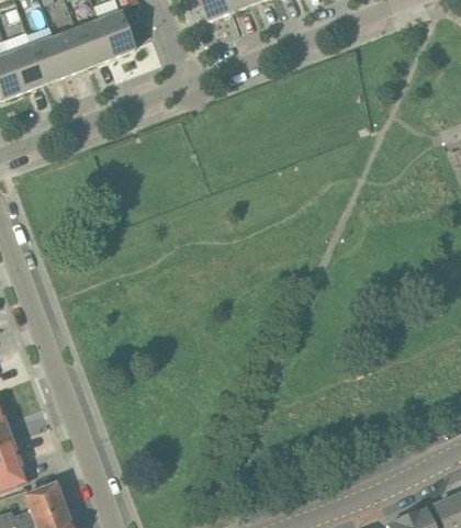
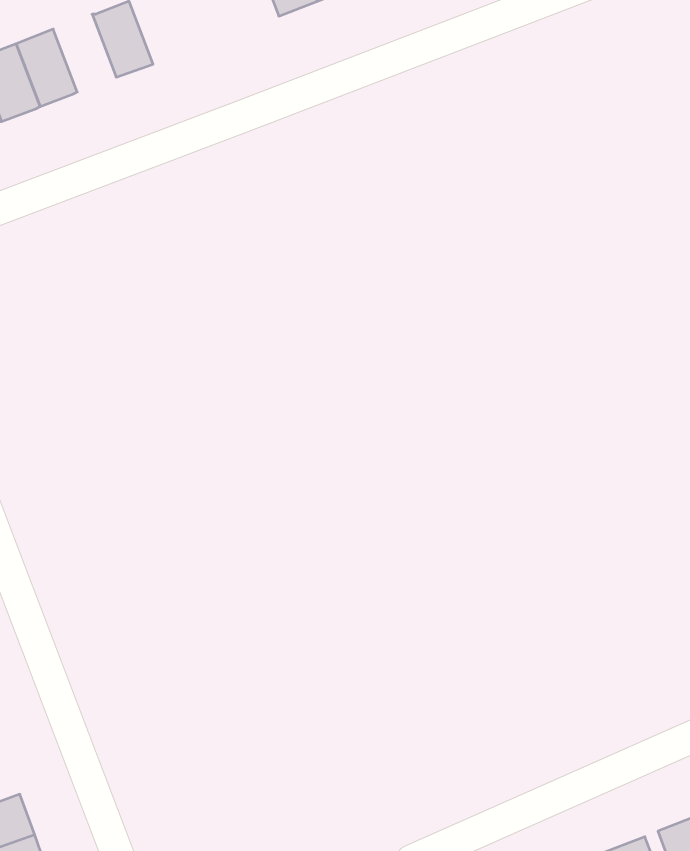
building: [75,19,112,65] -> none

